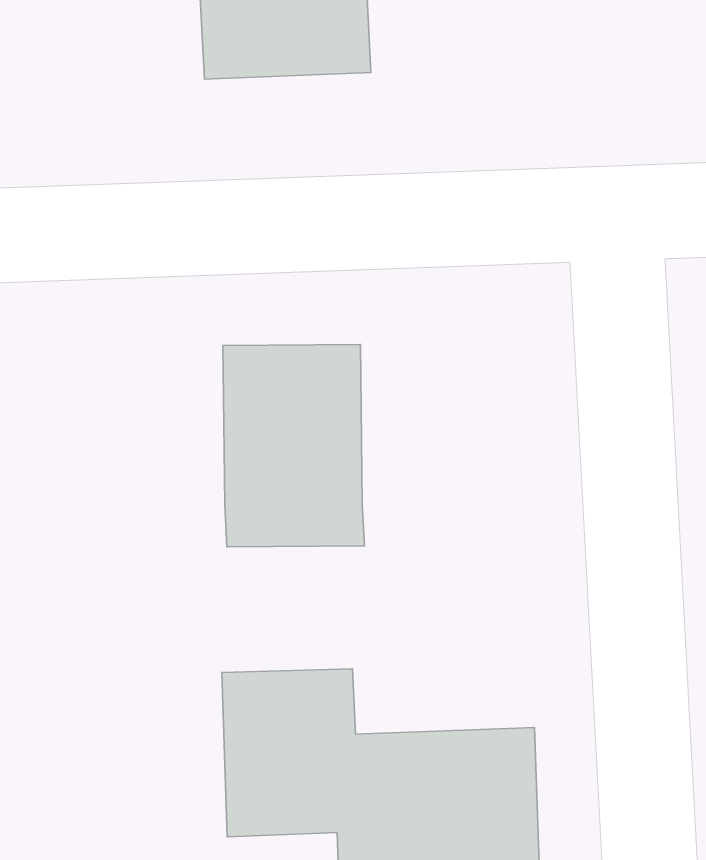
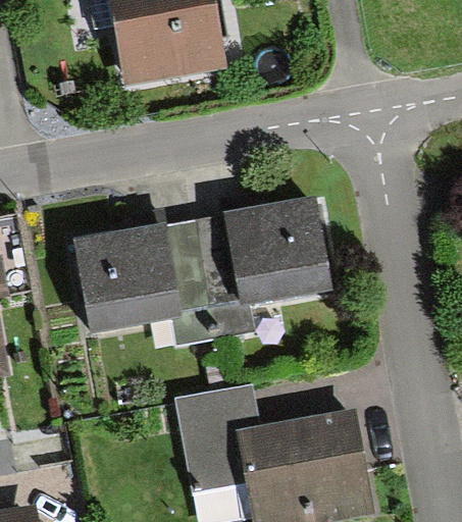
building: none -> [233,201,330,301]
building: none -> [73,223,169,322]

